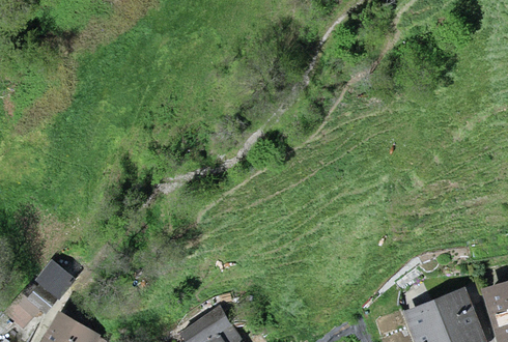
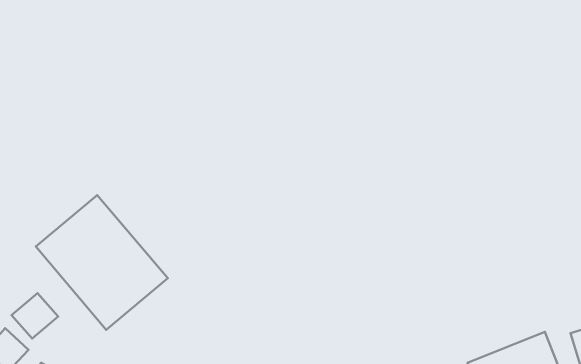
building: none -> [36,195,168,330]

